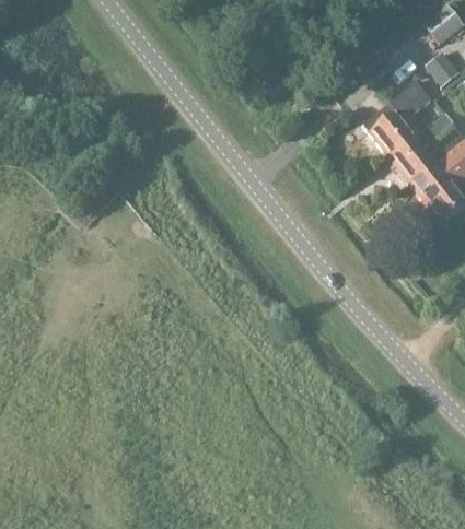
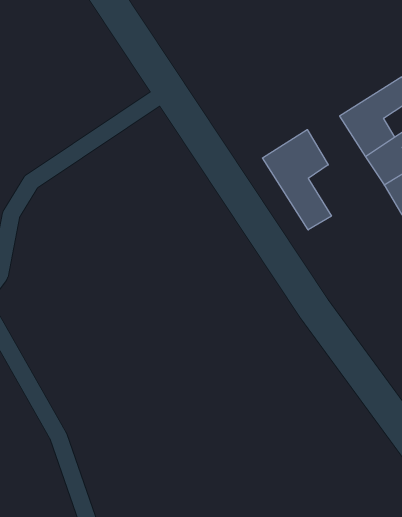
building: none -> [262,130,331,230]

